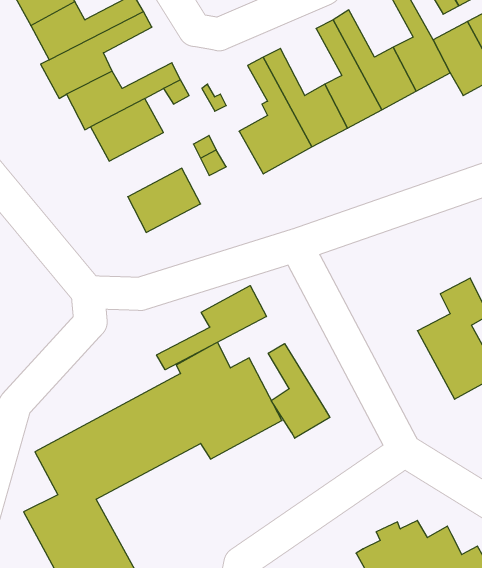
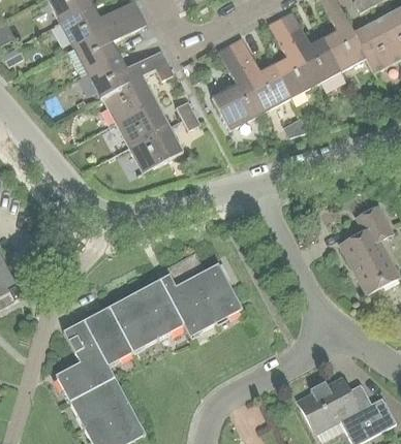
building: none -> [117,100,169,147]
building: [157,286,266,370] -> none
building: [268,344,330,438] -> none

